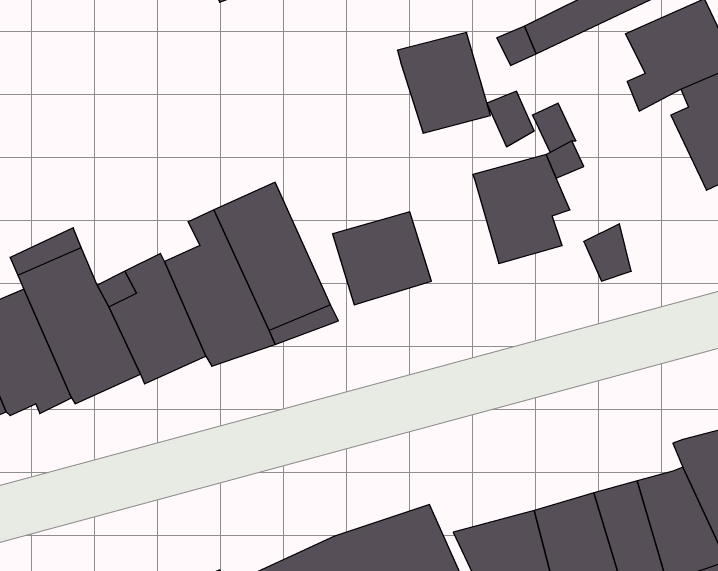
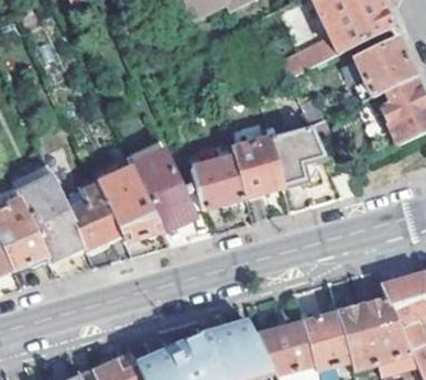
building: [397,32,490,133] -> [232,138,284,194]

